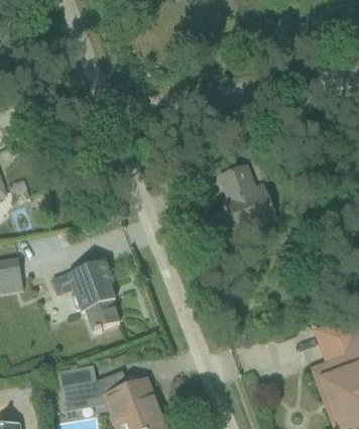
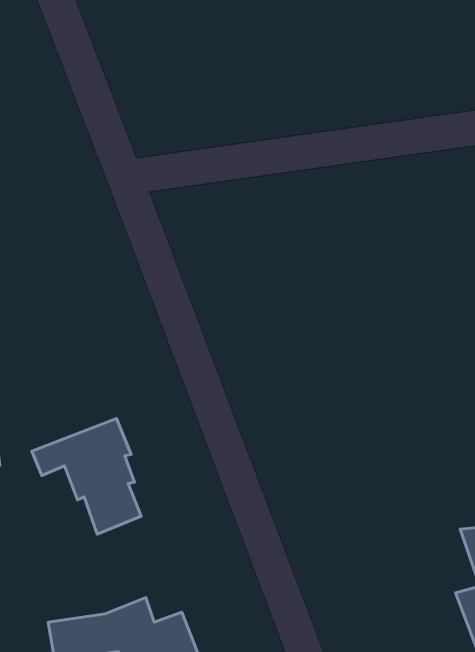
building: [220,166,275,233] -> none

